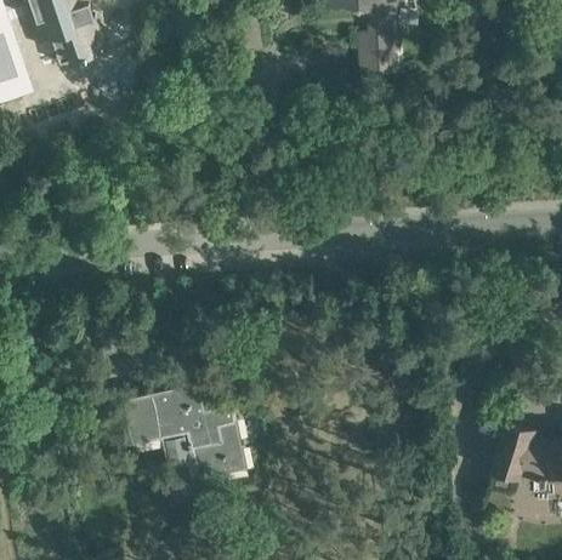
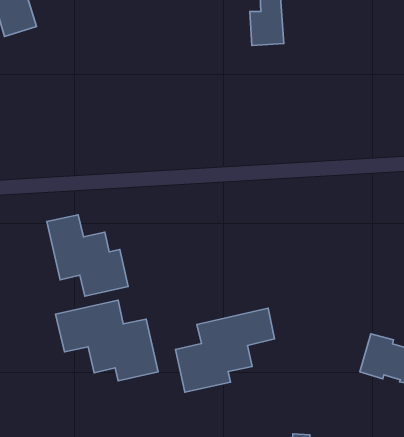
building: none -> [47,215,128,296]
building: none -> [175,308,275,392]

